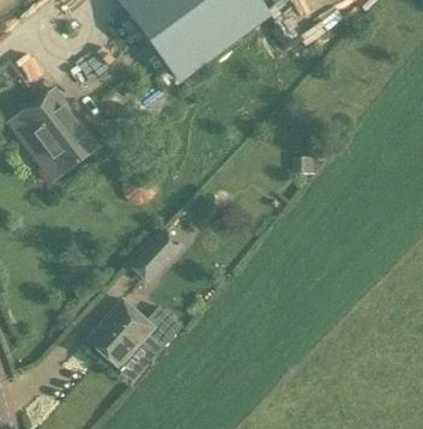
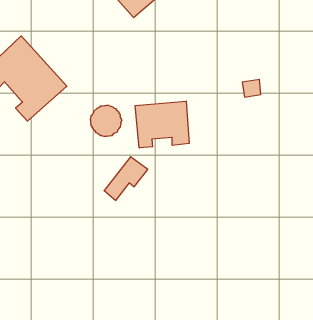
building: none -> [135,101,189,148]
building: [86,298,182,368] -> none

